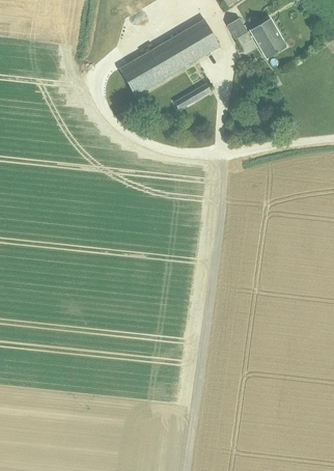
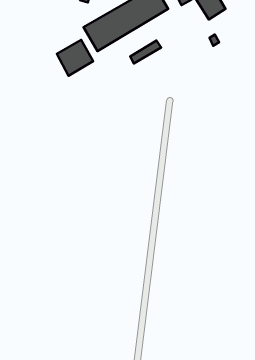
building: none -> [57,40,93,76]

